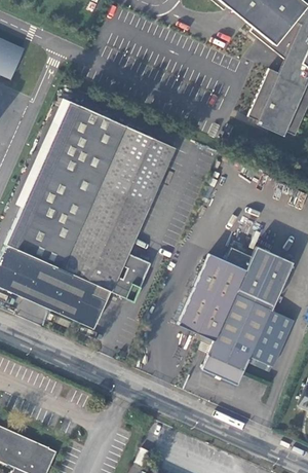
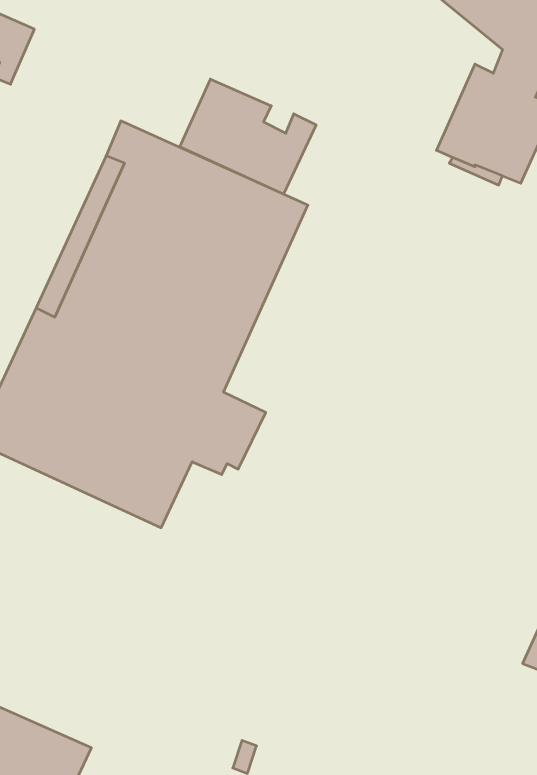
building: none -> [180,79,316,194]
building: [179,244,295,383] -> none

